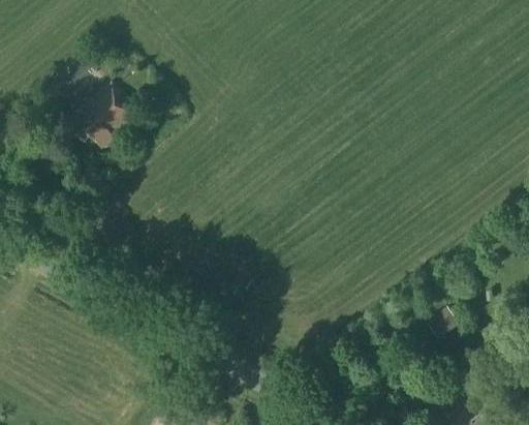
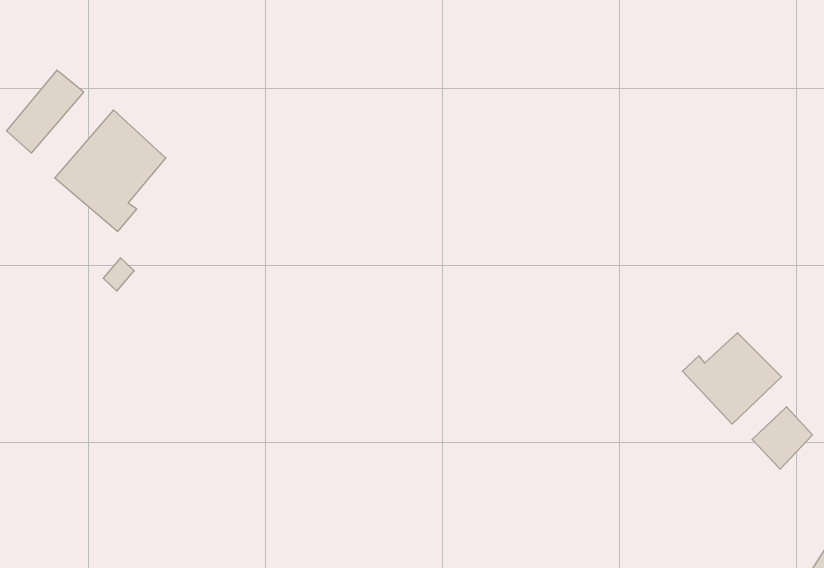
building: none -> [682,333,782,424]

